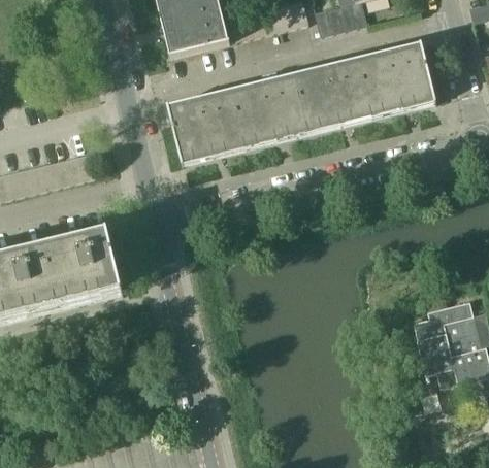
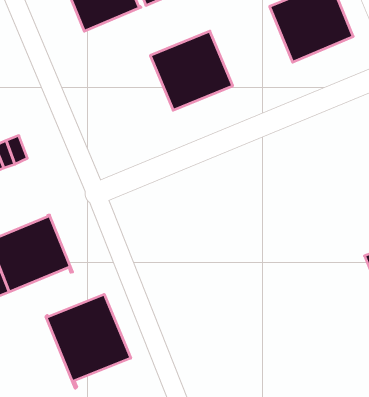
building: [294,58,371,131] -> none
building: [166,89,246,163] -> none
building: none -> [46,294,131,388]

